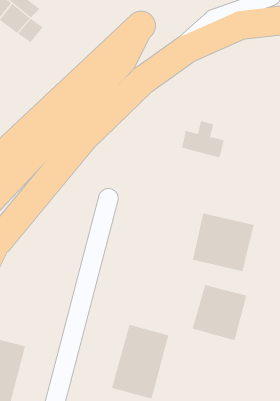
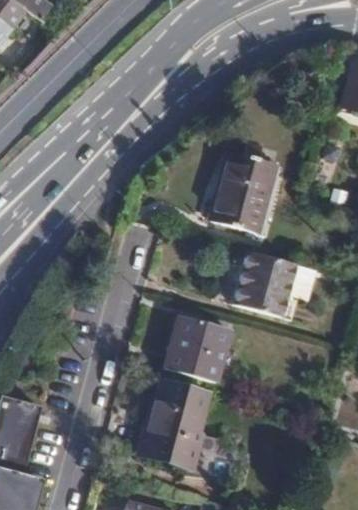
building: none -> [213,175,270,234]
building: [192,285,247,341] -> [165,317,230,383]

